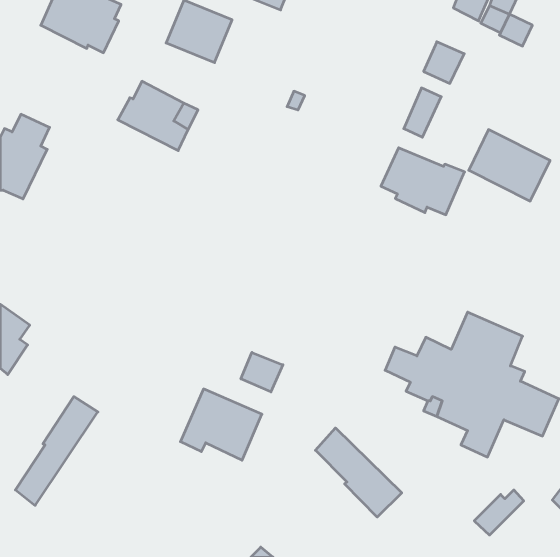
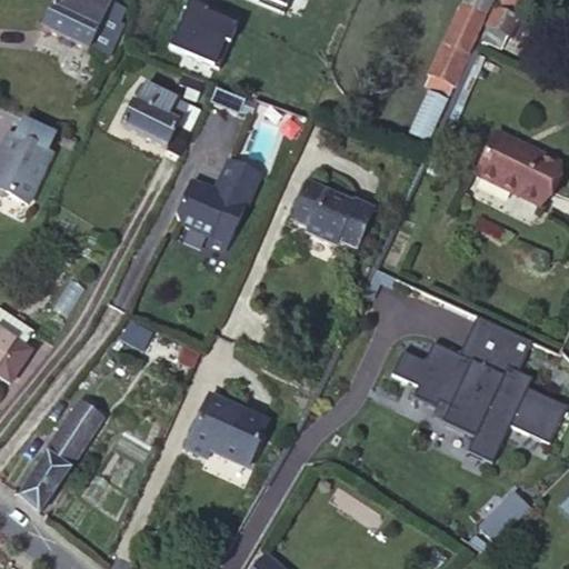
building: none -> [443,8,486,54]
building: [381,148,465,215] -> [291,179,376,247]
building: none -> [177,156,261,248]
building: [241,352,283,392] -> none
building: [315,428,402,517] -> none

